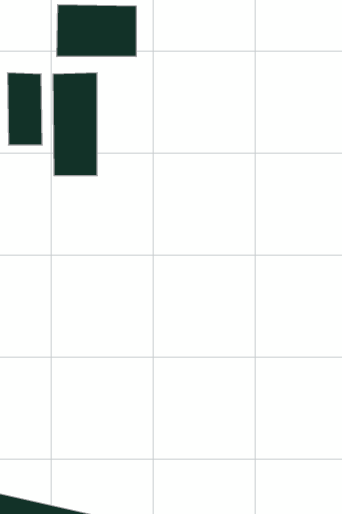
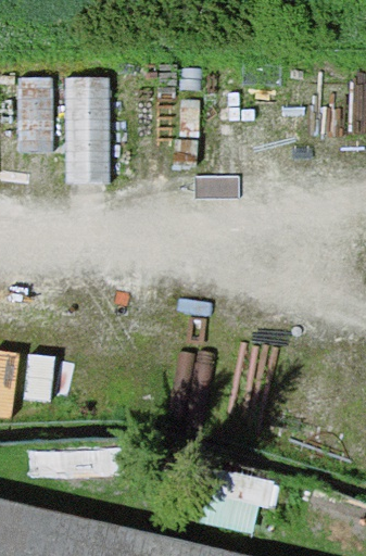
building: [57,5,136,57] -> none

